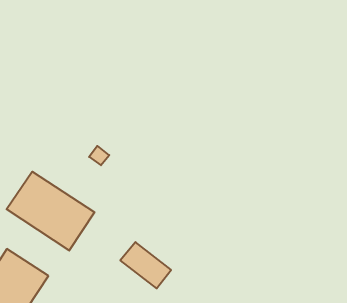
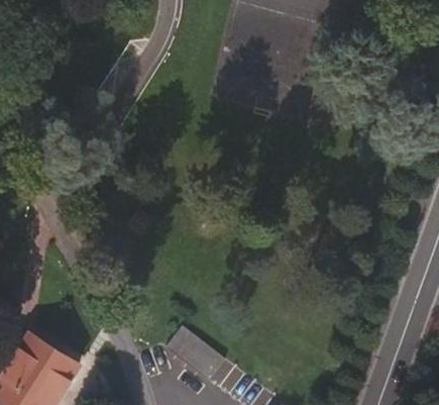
building: [7,172,94,251] -> none

